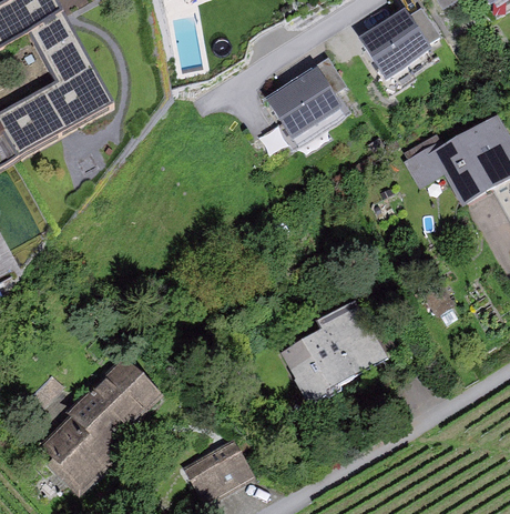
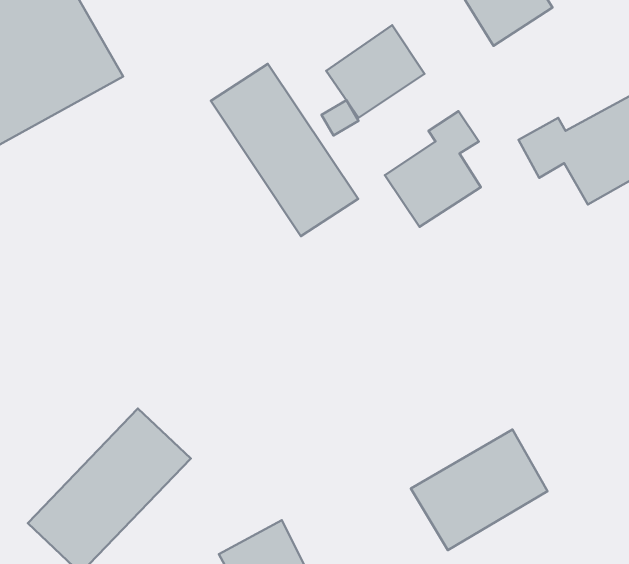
building: none -> [211,64,358,236]
building: none -> [385,111,481,227]
building: [282,306,385,397] -> [411,430,548,550]

